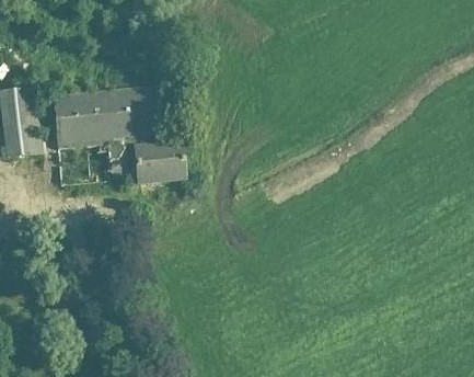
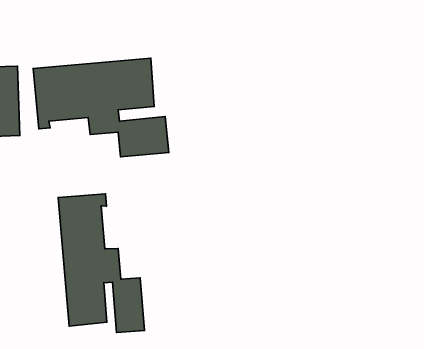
building: none -> [58,194,145,333]

